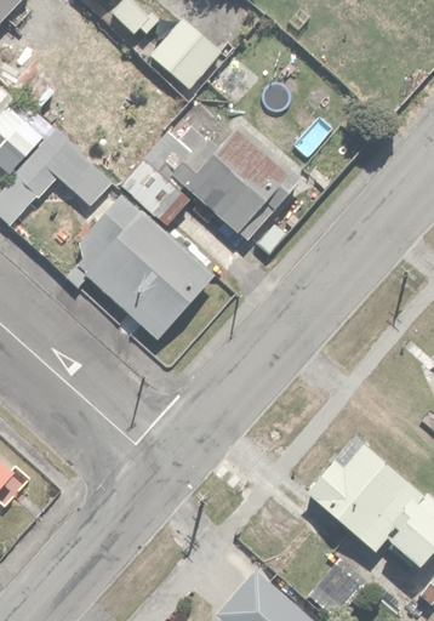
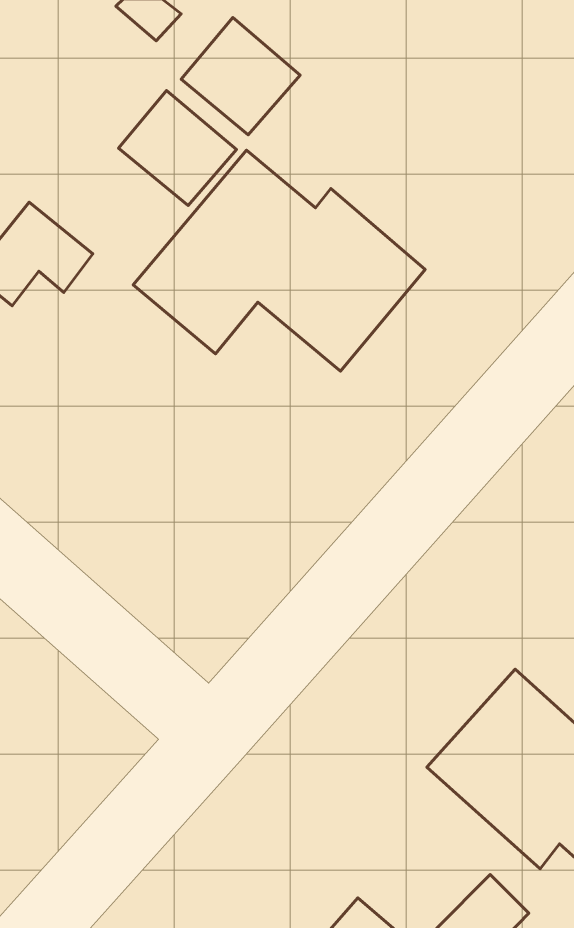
building: none -> [119,90,237,206]
building: [72,194,210,337] -> none

